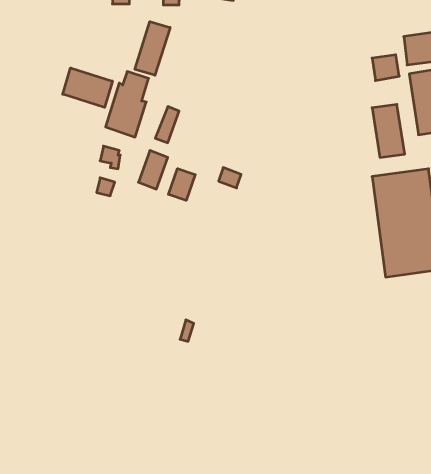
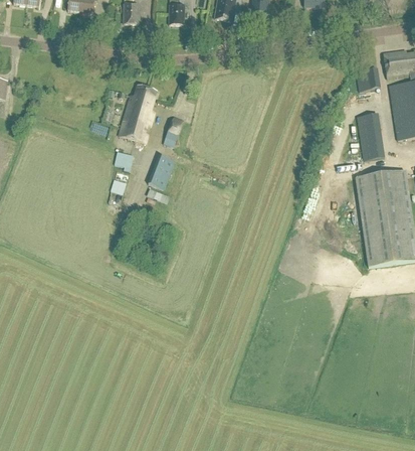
building: [135,22,170,75] -> none
building: [63,68,112,107] -> none
building: [168,169,195,200] -> none

